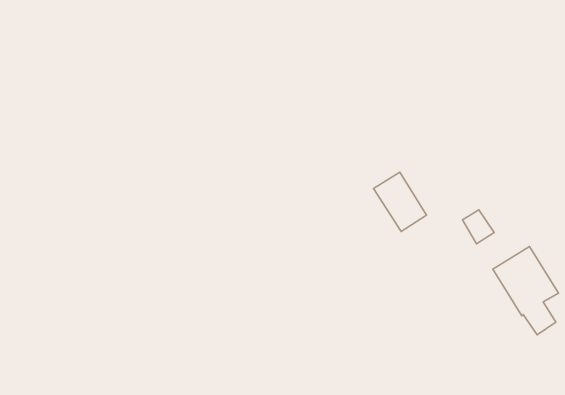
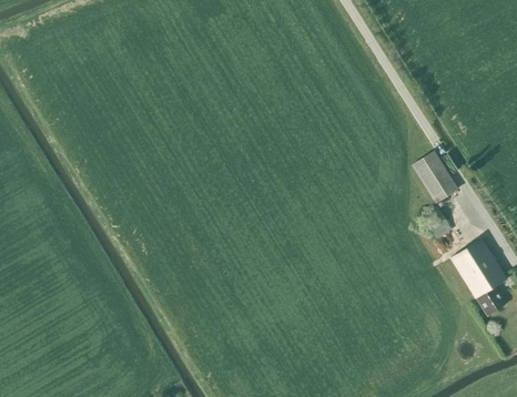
building: [373,172,426,232] -> [410,150,457,202]

